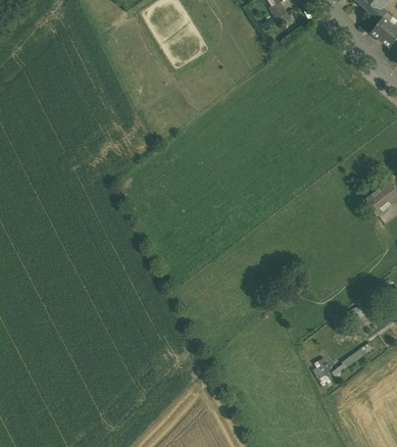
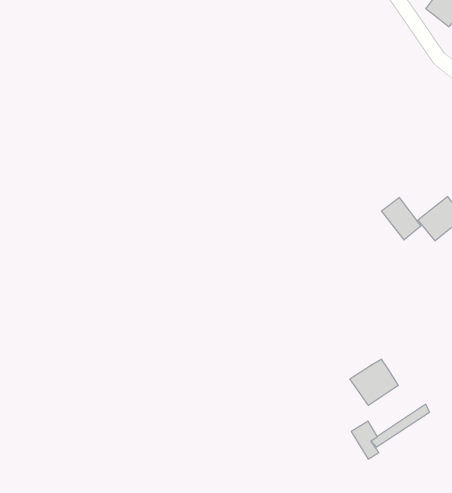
building: none -> [381,197,421,240]
building: none -> [350,359,398,405]

